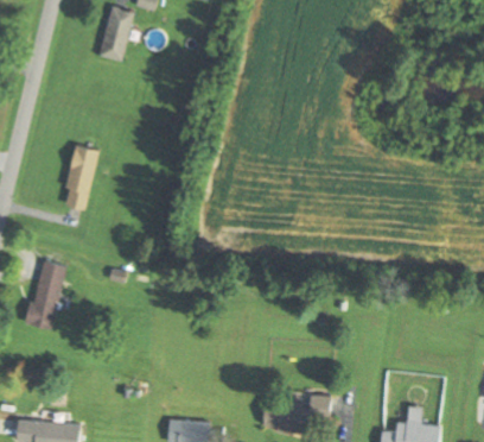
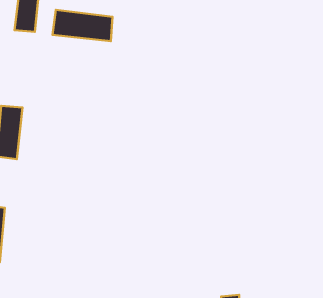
building: none -> [53,10,113,41]

